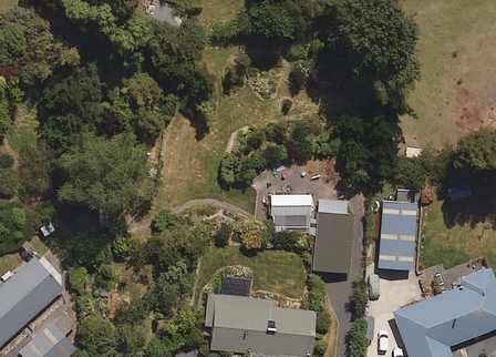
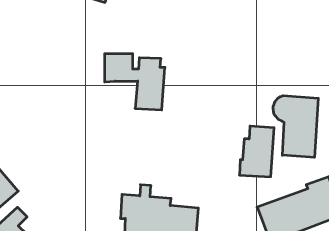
building: none -> [273,96,318,157]
building: [271,195,354,273] -> [105,54,165,110]

